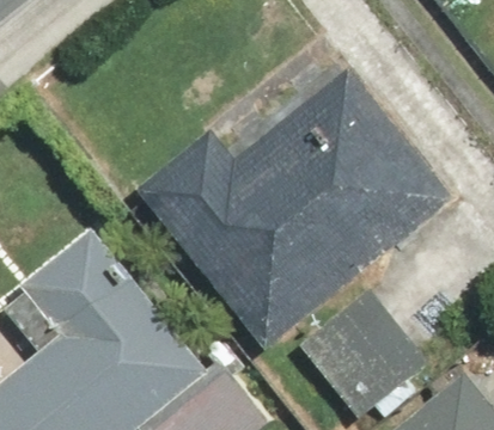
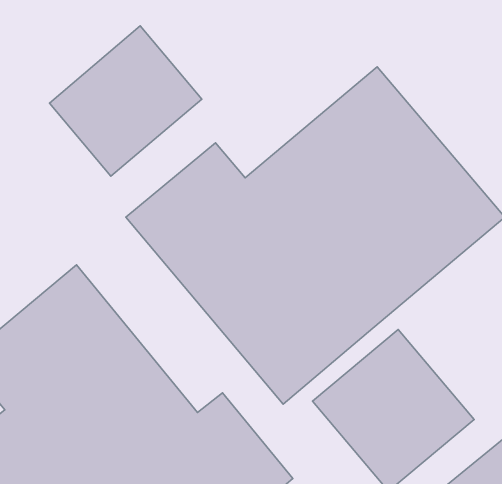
building: none -> [49,26,202,176]

